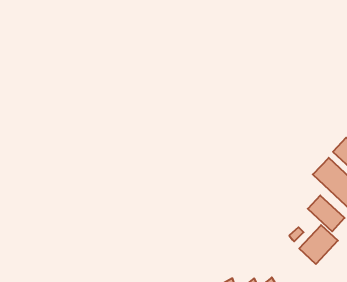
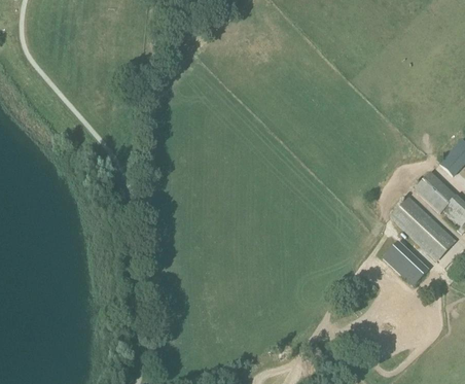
building: [299,225,338,264] -> none

